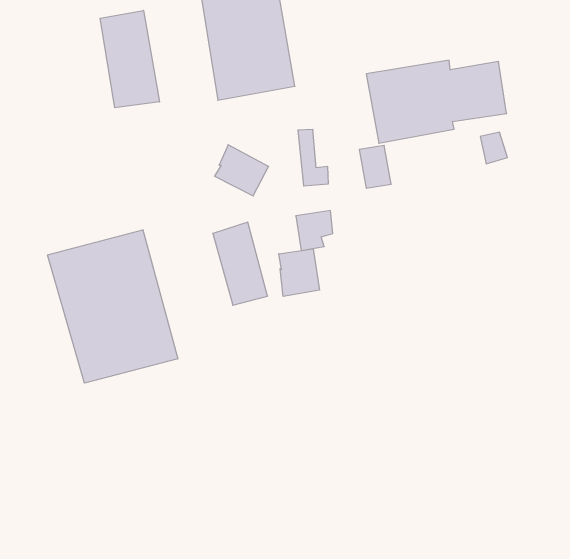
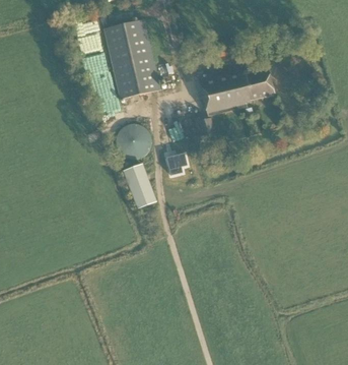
building: [100,10,159,108] -> none
building: [48,230,178,383] -> none
building: [279,249,319,296] -> none

